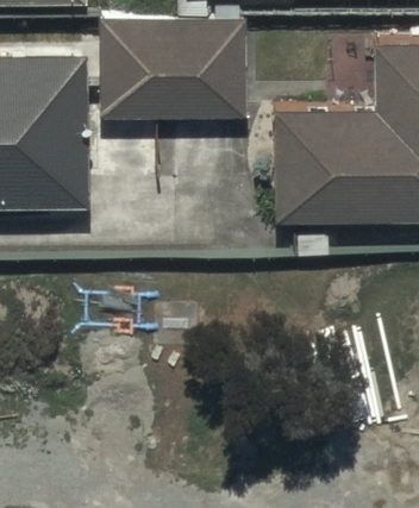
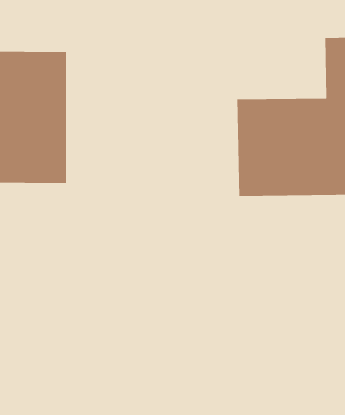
building: [101,24,246,119] -> none

